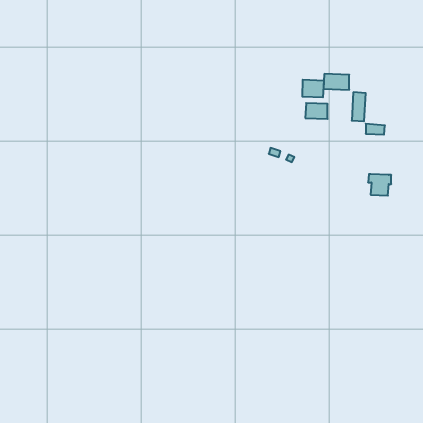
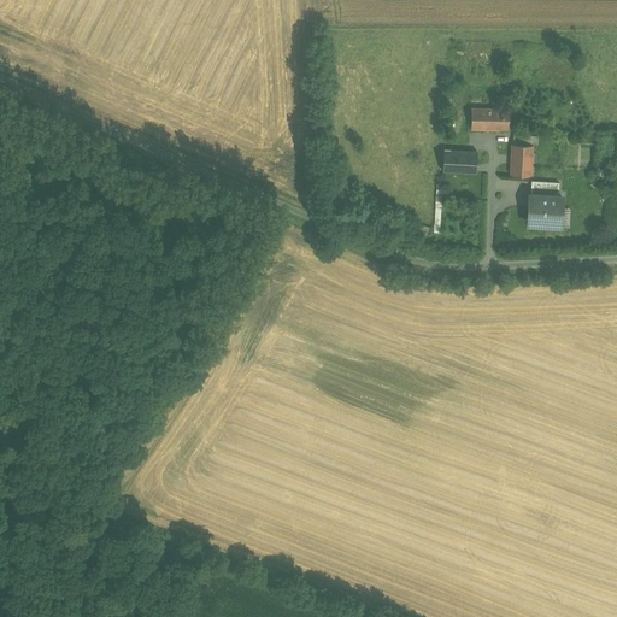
building: [302,80,324,97] -> none
building: [368,174,391,196] -> [528,196,562,228]

